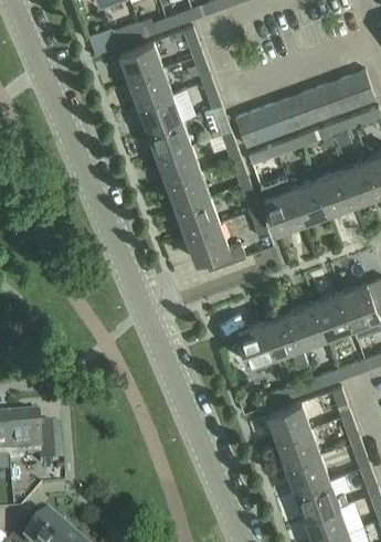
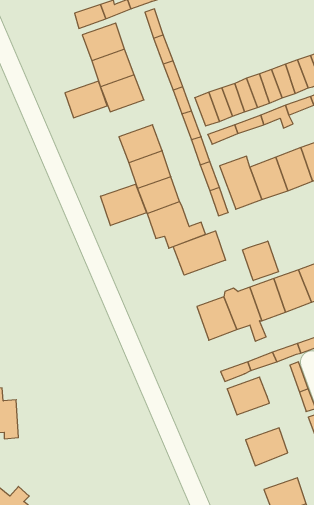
building: [148,121,191,159] -> [65,81,107,118]
building: none -> [101,184,146,226]
building: none -> [173,231,226,275]
building: none -> [242,241,279,281]
building: [277,431,320,468] -> none
building: [296,481,347,519] -> none

